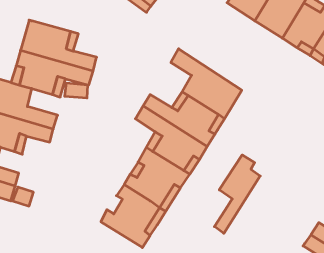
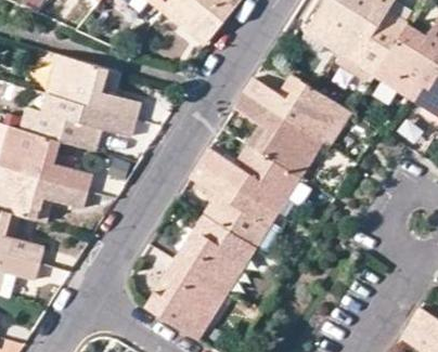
building: none -> [245,73,351,145]
building: [214,155,260,233] -> none

